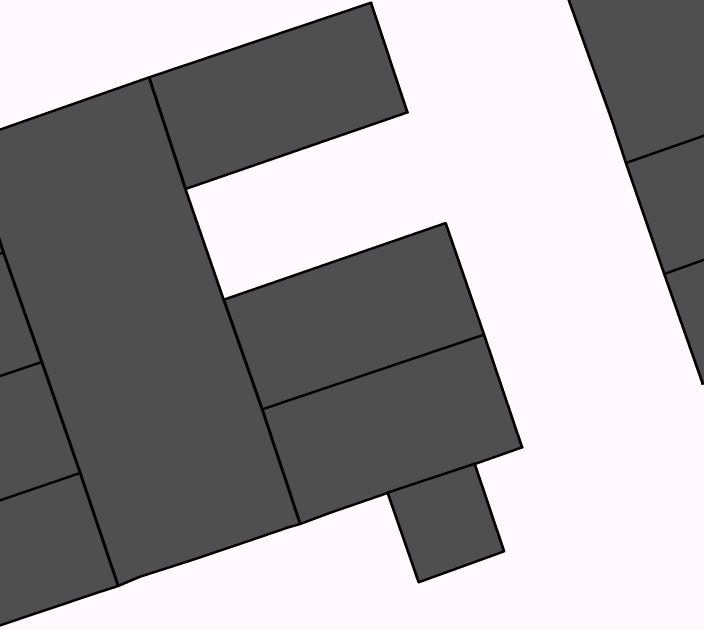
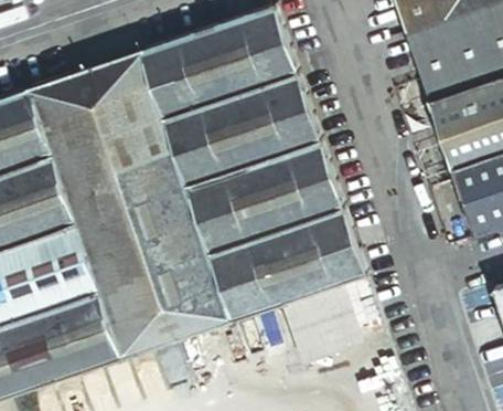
building: none -> [162,71,320,185]

